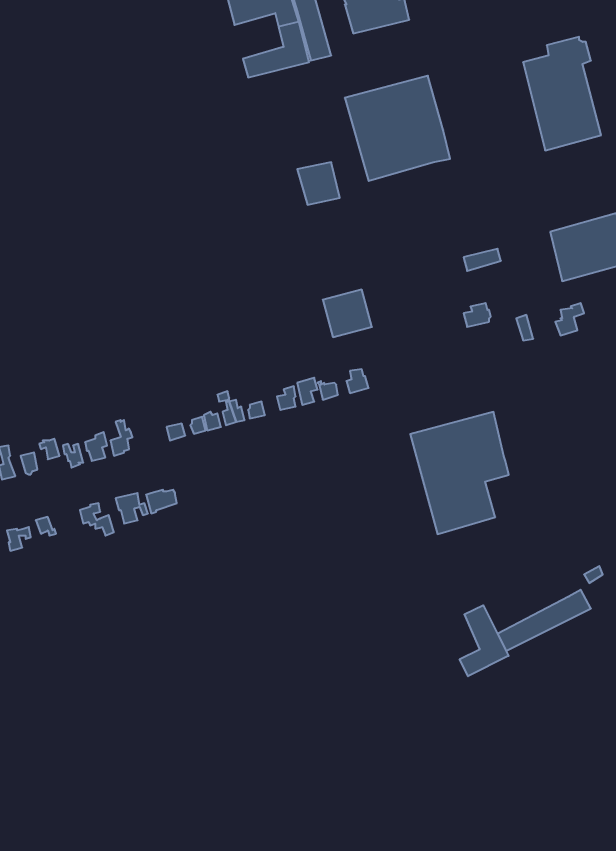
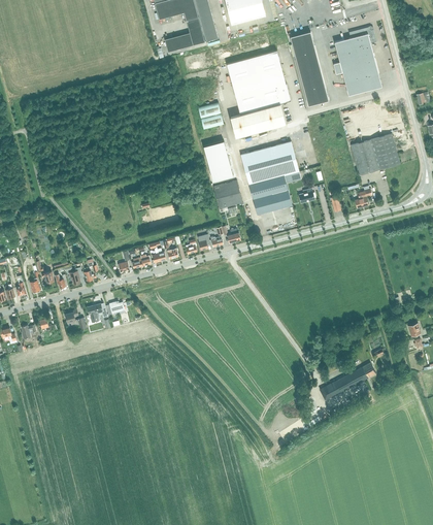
building: none -> [290,32,328,106]
building: none -> [230,103,285,137]
building: none -> [203,141,232,182]
building: [410,412,509,534] -> [240,141,300,216]
building: [460,605,509,676] -> none

